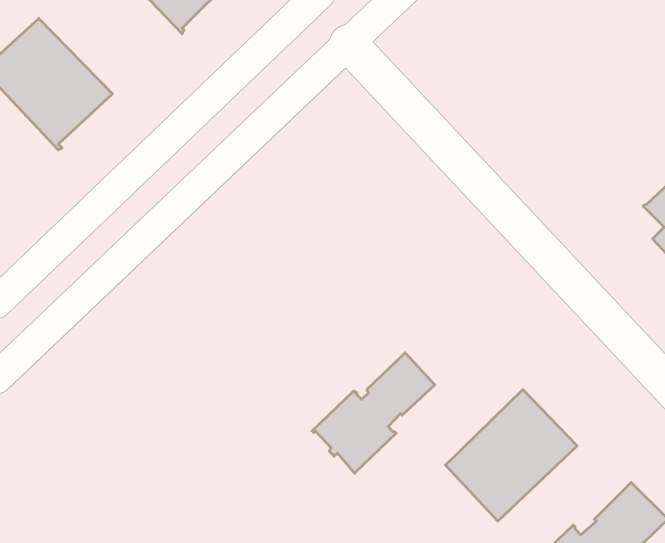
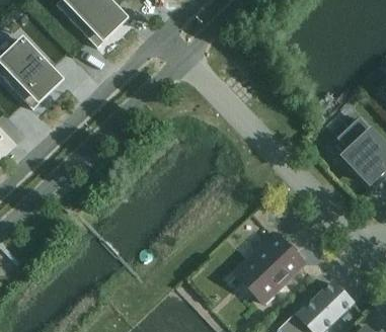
building: [312,353,435,473] -> none

